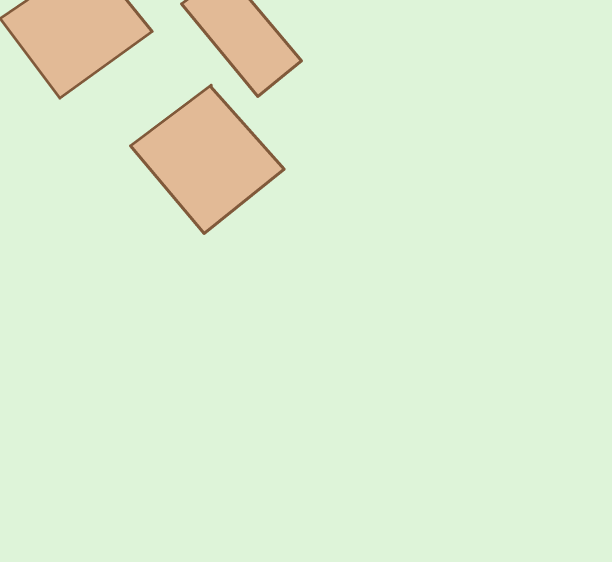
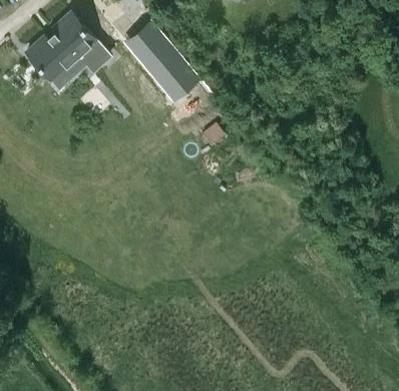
building: [130,85,284,234] -> none

